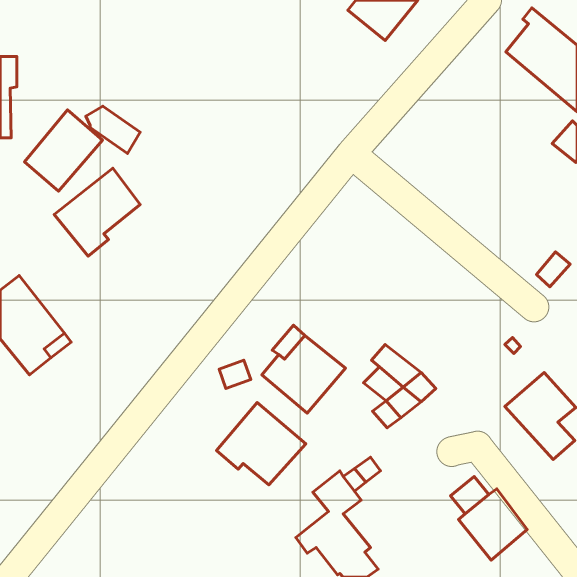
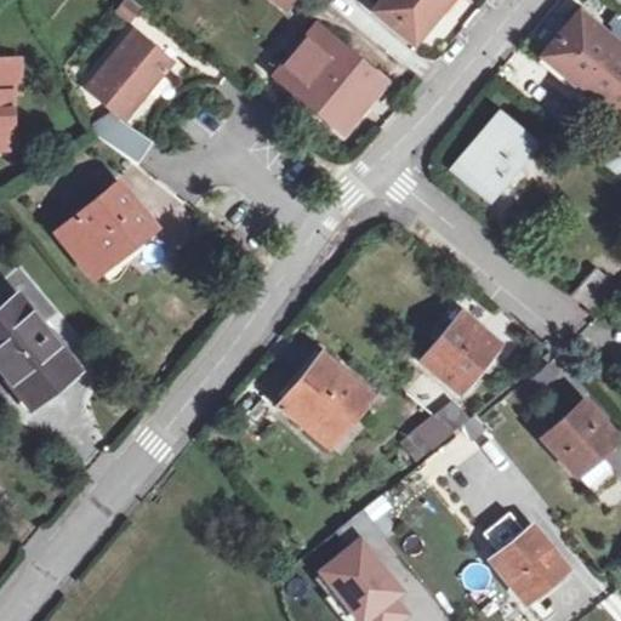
building: none -> [275,27,380,129]
building: none -> [452,112,537,198]
building: [25,110,103,191] -> [89,30,172,118]
building: none -> [422,314,498,391]
building: [217,403,306,485] -> none

